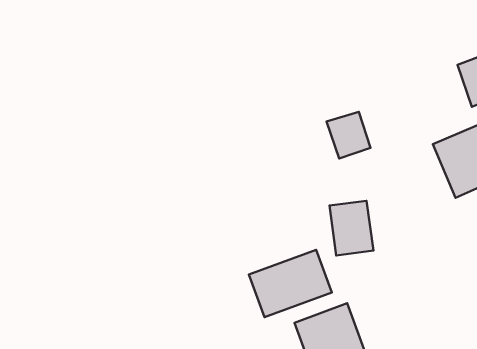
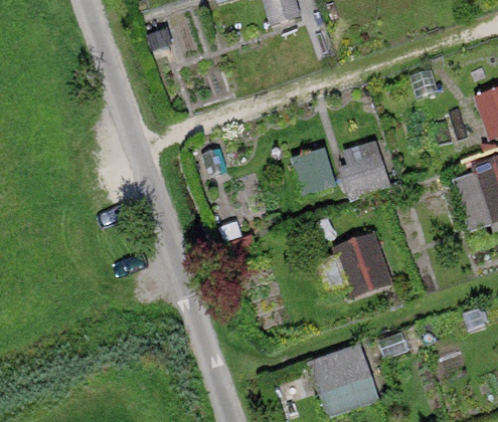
building: [249,250,332,317] -> none

